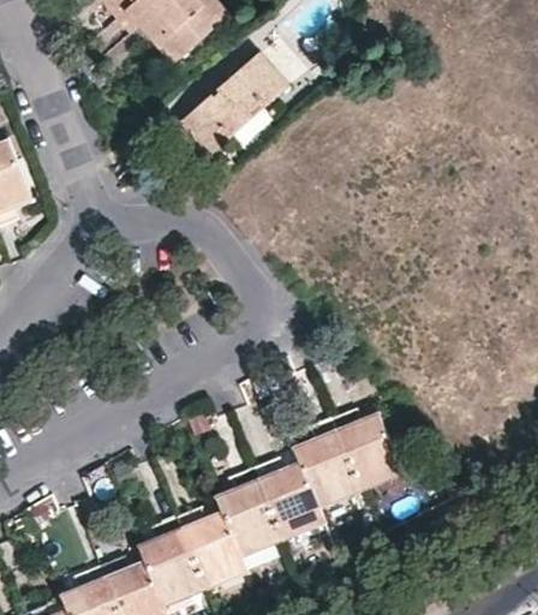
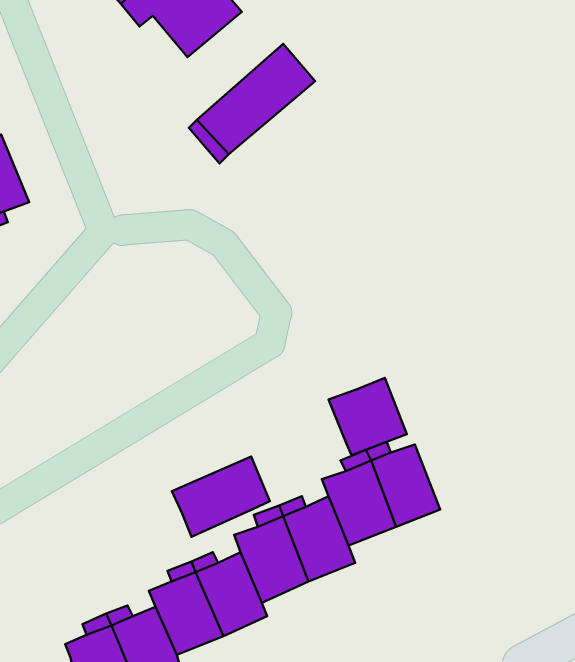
building: none -> [328,378,407,455]
building: none -> [172,456,270,537]

